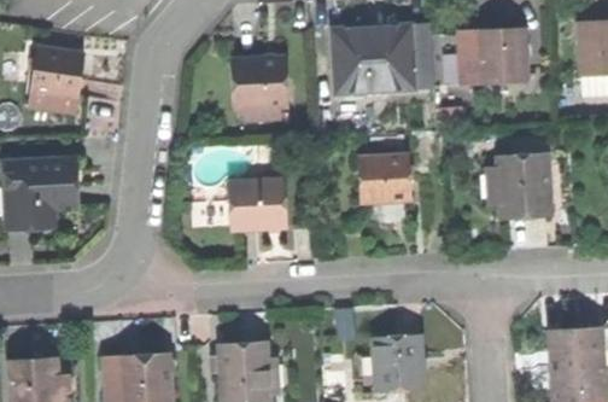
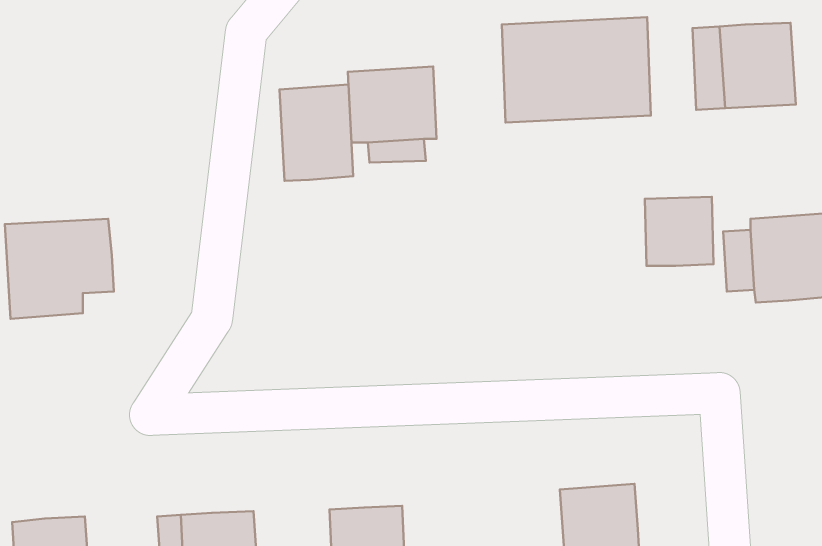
building: [30,46,80,95] -> none
building: none -> [280,85,353,181]
building: [366,156,411,202] -> [645,197,714,266]
building: [234,180,287,231] -> none

